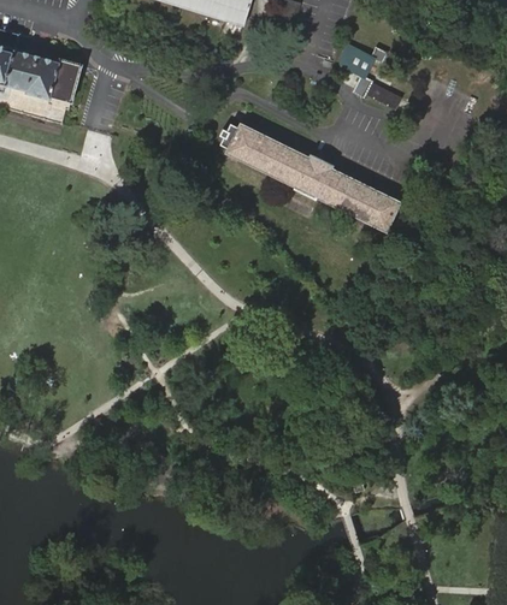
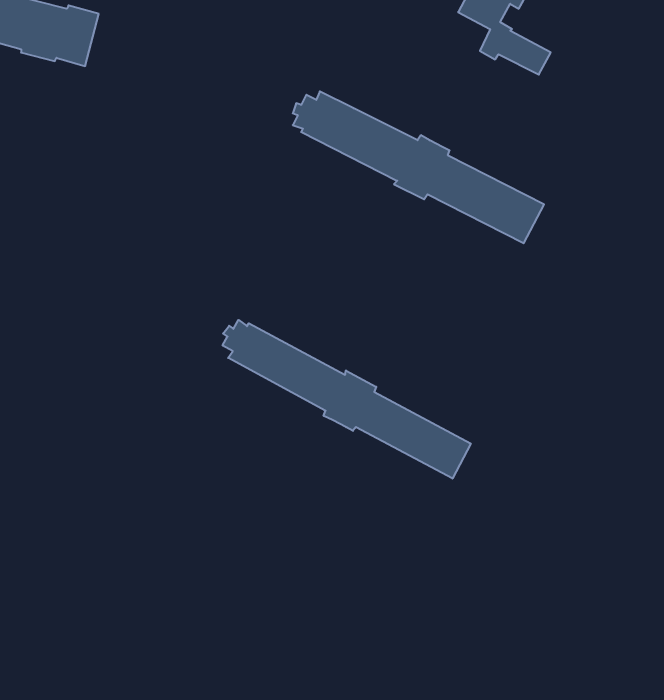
building: none -> [223,320,471,479]

